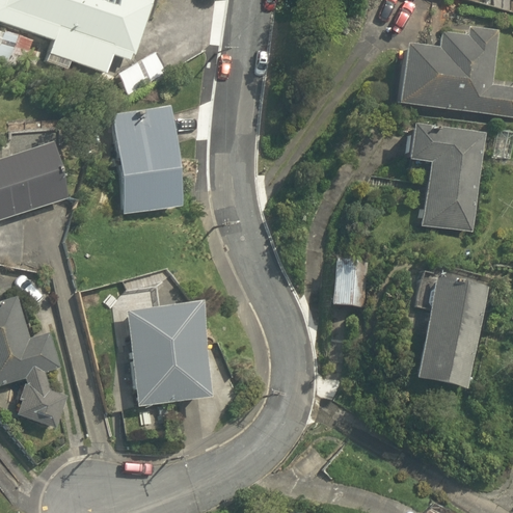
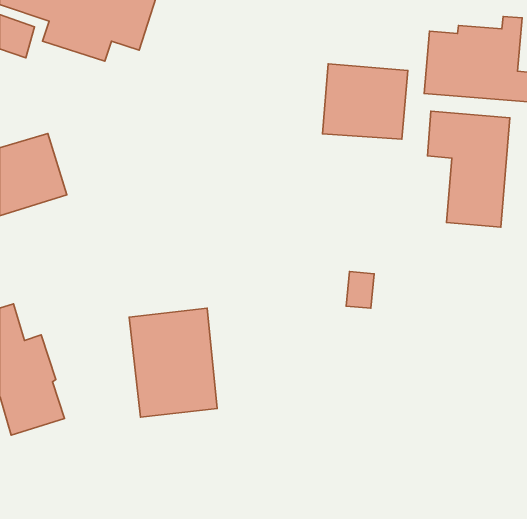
building: none -> [322,64,408,139]
building: [108,104,183,214] -> none
building: [415,274,488,385] -> none

